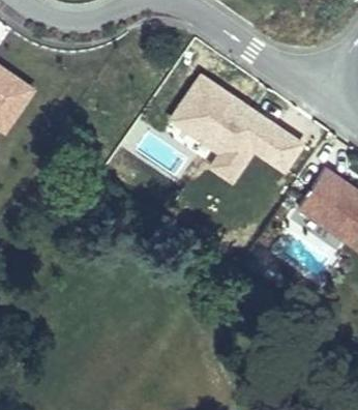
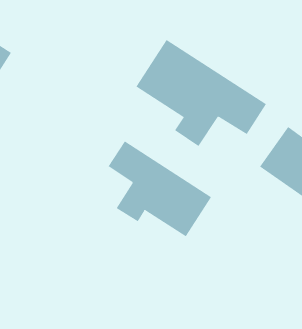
building: none -> [108,140,212,237]

